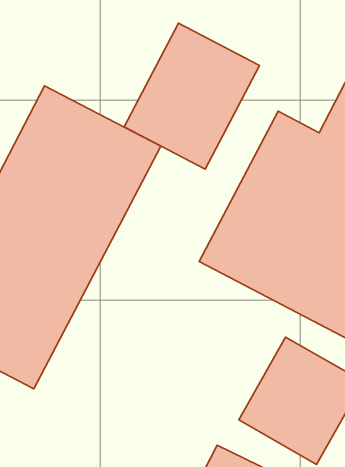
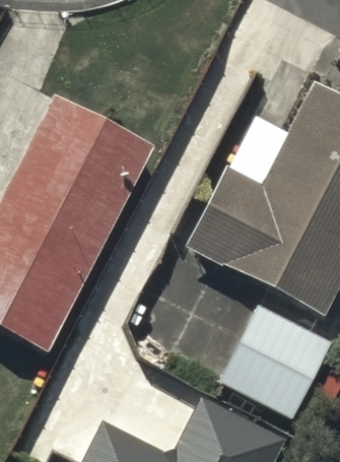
building: [124,23,259,169] -> none

